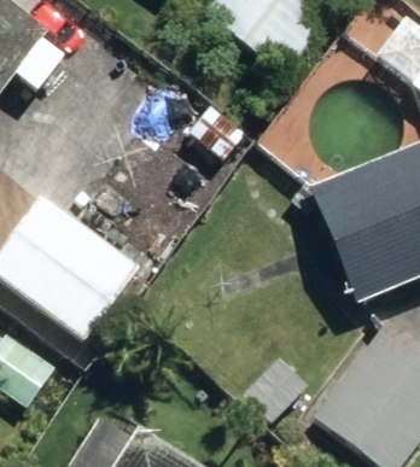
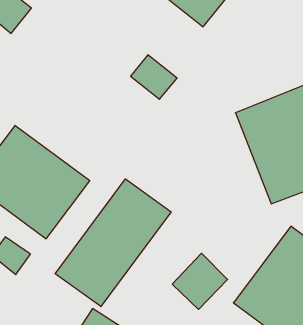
building: none -> [55,179,171,307]

